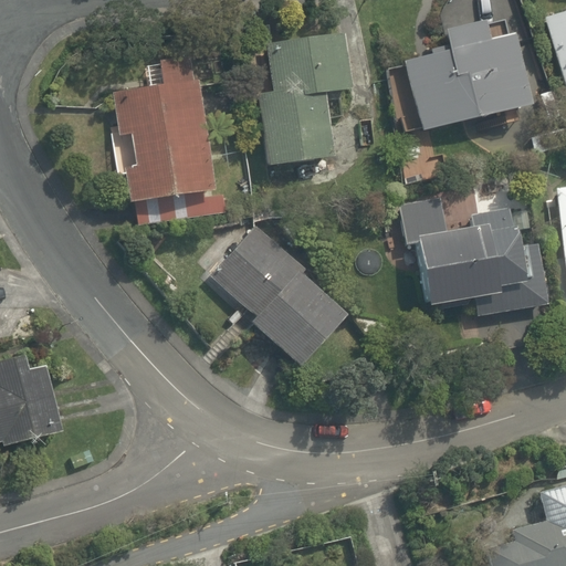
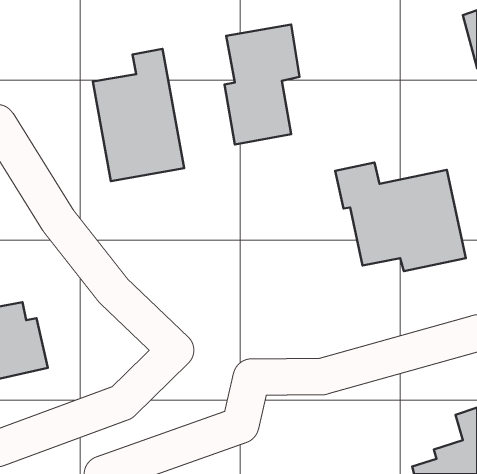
building: [407,15,536,133] -> none
building: [210,222,352,368] -> none

